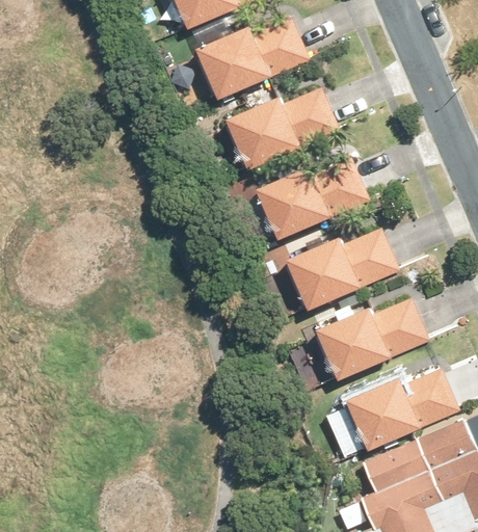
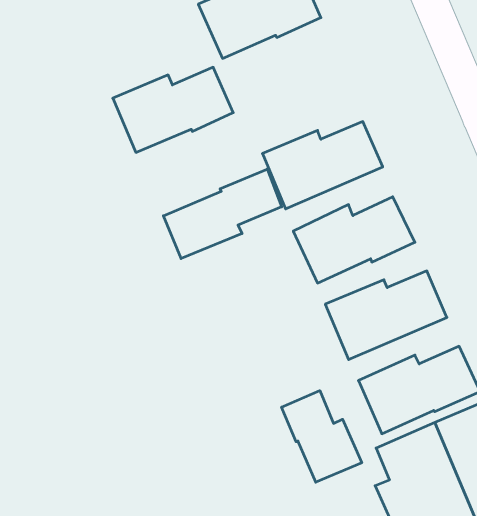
building: [225,89,339,169] -> [113,67,233,152]
building: none -> [163,169,282,259]
building: none -> [282,391,362,482]

